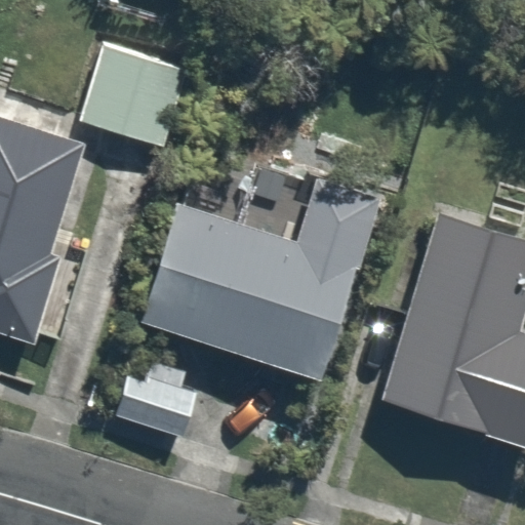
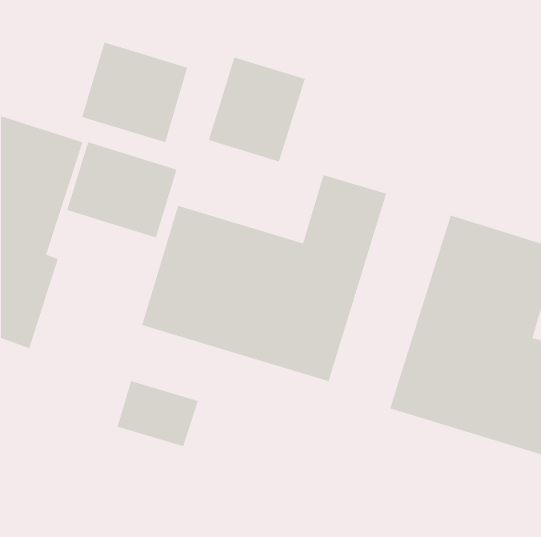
building: none -> [208,57,306,162]
building: none -> [66,141,178,238]

